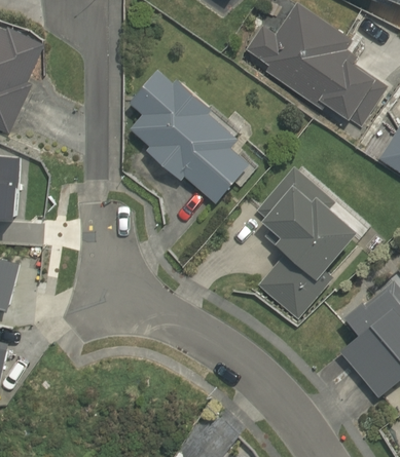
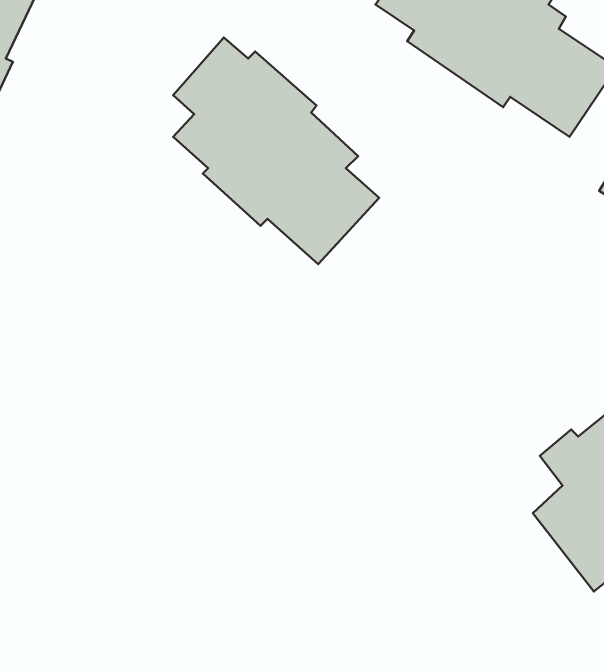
building: [252,164,357,318] -> none

